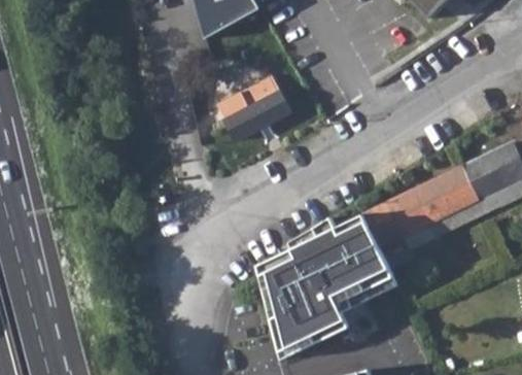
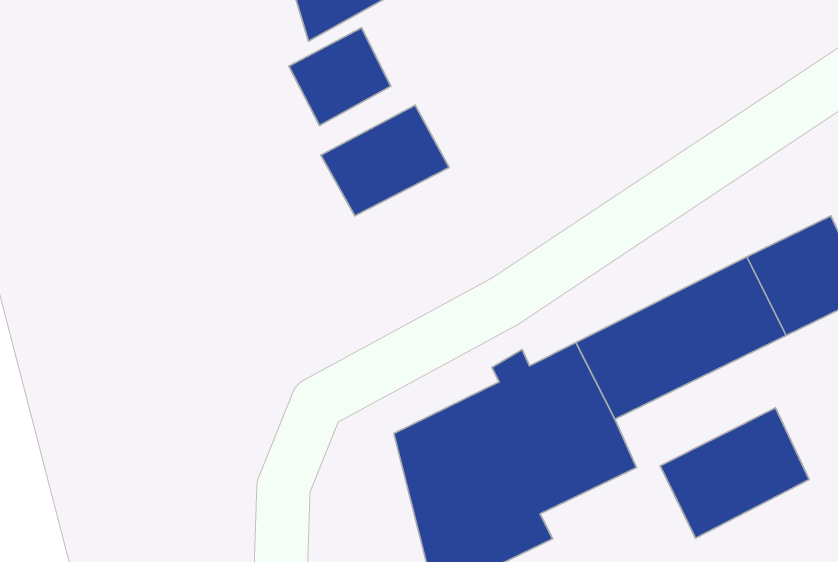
building: none -> [289,28,391,126]
building: none -> [660,408,809,538]

